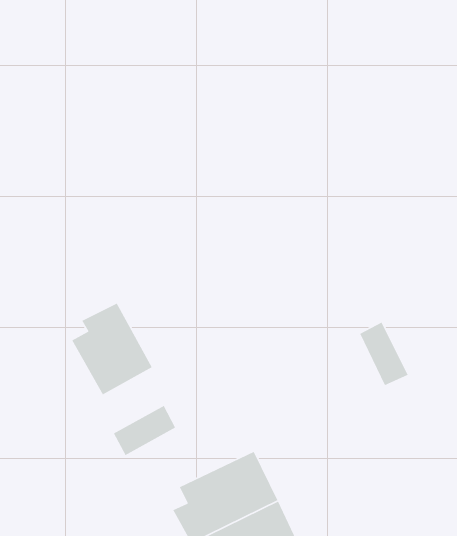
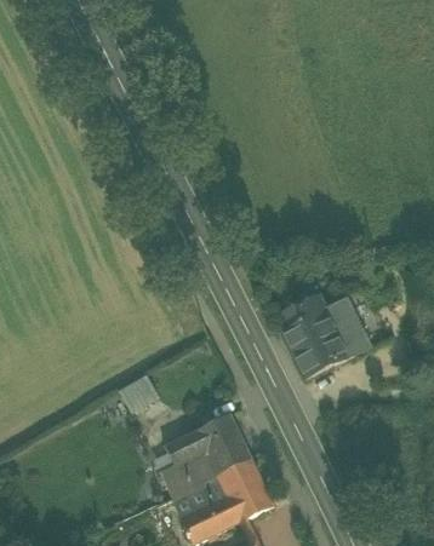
building: [71,302,153,396] -> none
building: none -> [281,294,348,377]

